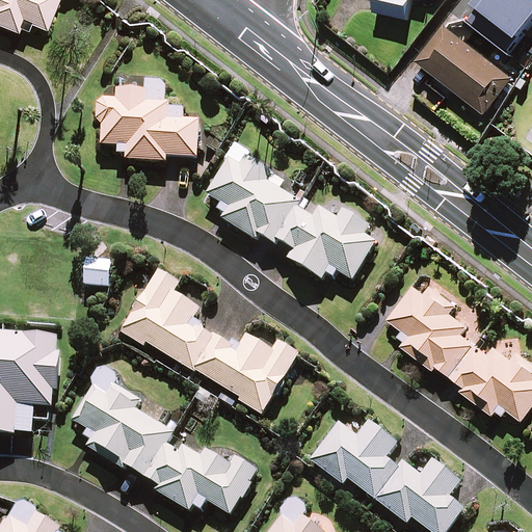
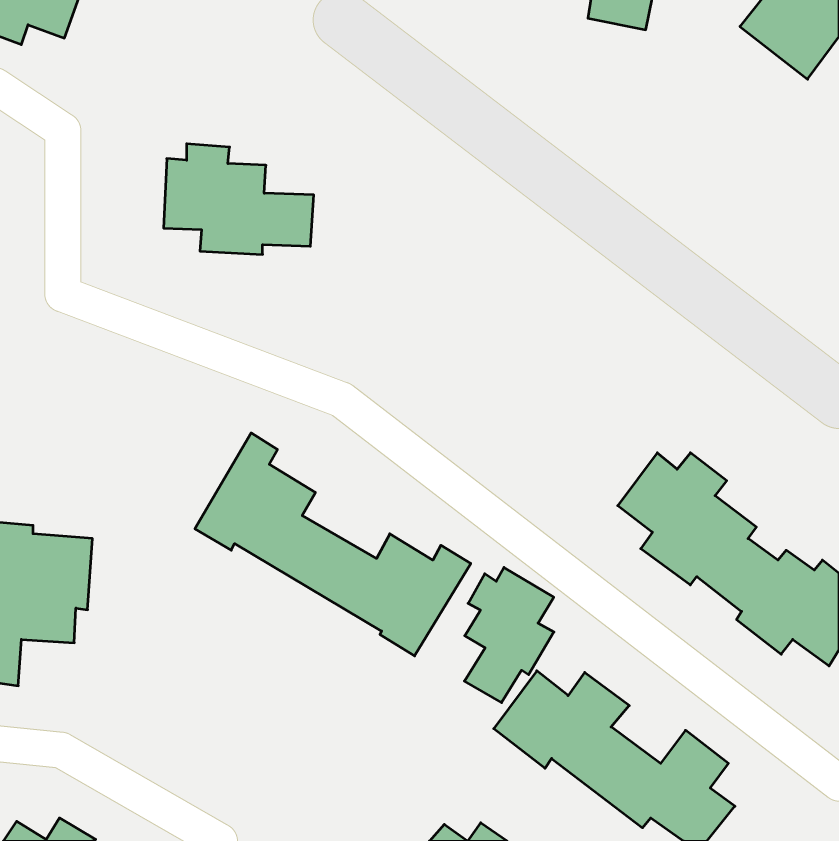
building: [418,26,512,113] -> none
building: [209,155,373,278] -> none
building: none -> [464,567,554,703]
building: [76,388,256,511] -> none

